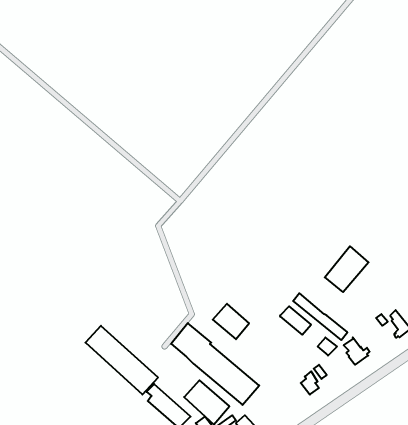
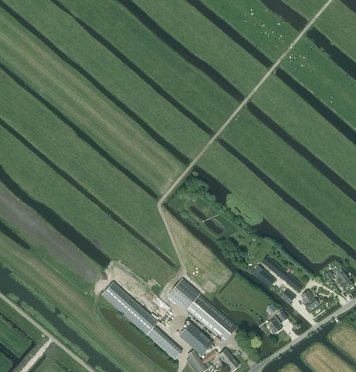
building: [325,246,369,292] -> none
building: [213,304,249,339] -> none

